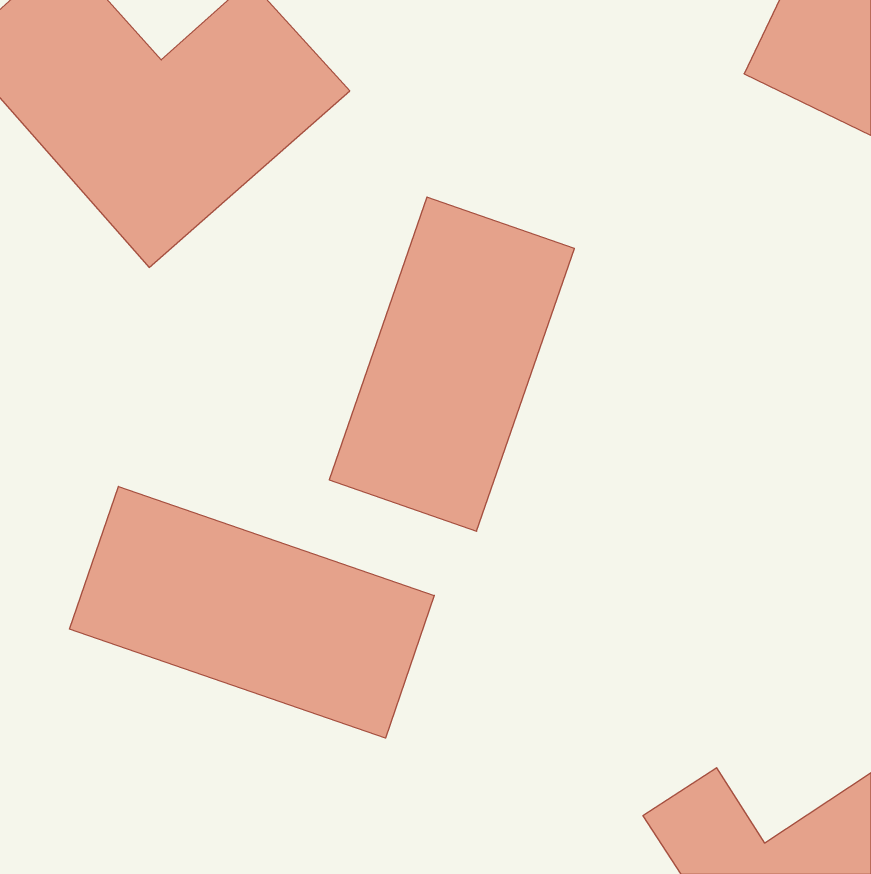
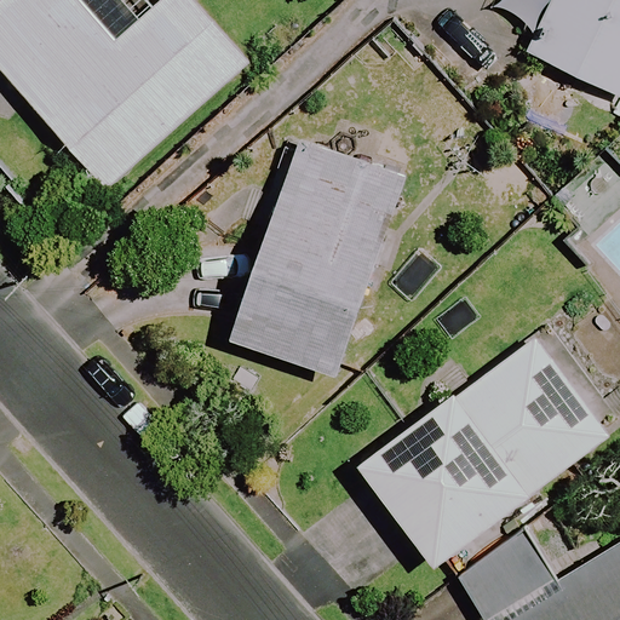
building: none -> [358,334,610,564]
building: [70,486,434,738] -> none

